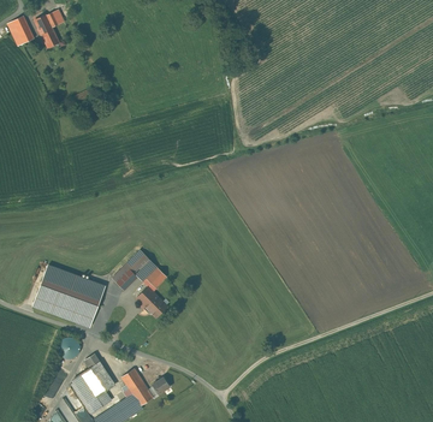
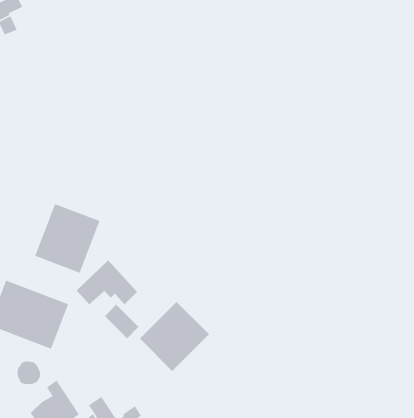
building: none -> [34,203,100,274]
building: none -> [139,301,210,372]

